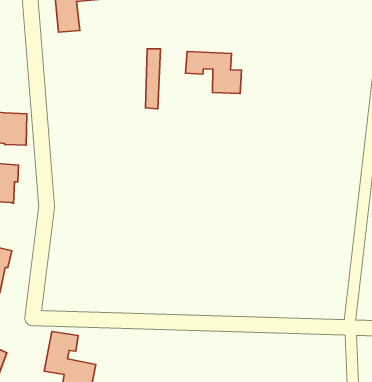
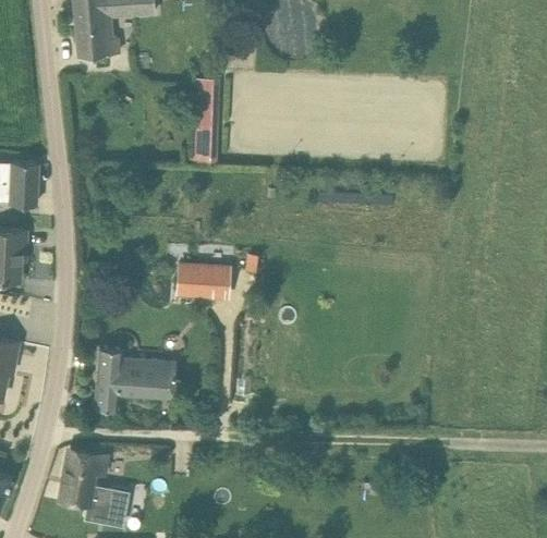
building: [185,51,242,94] -> none
building: none -> [178,260,233,297]
building: none -> [95,349,177,411]

